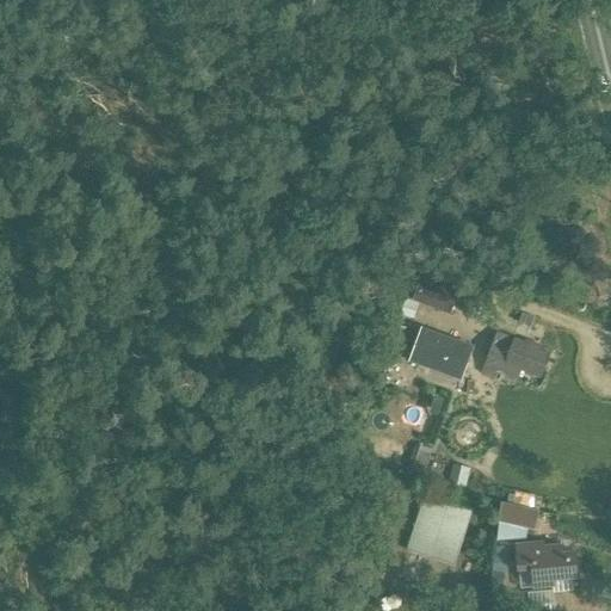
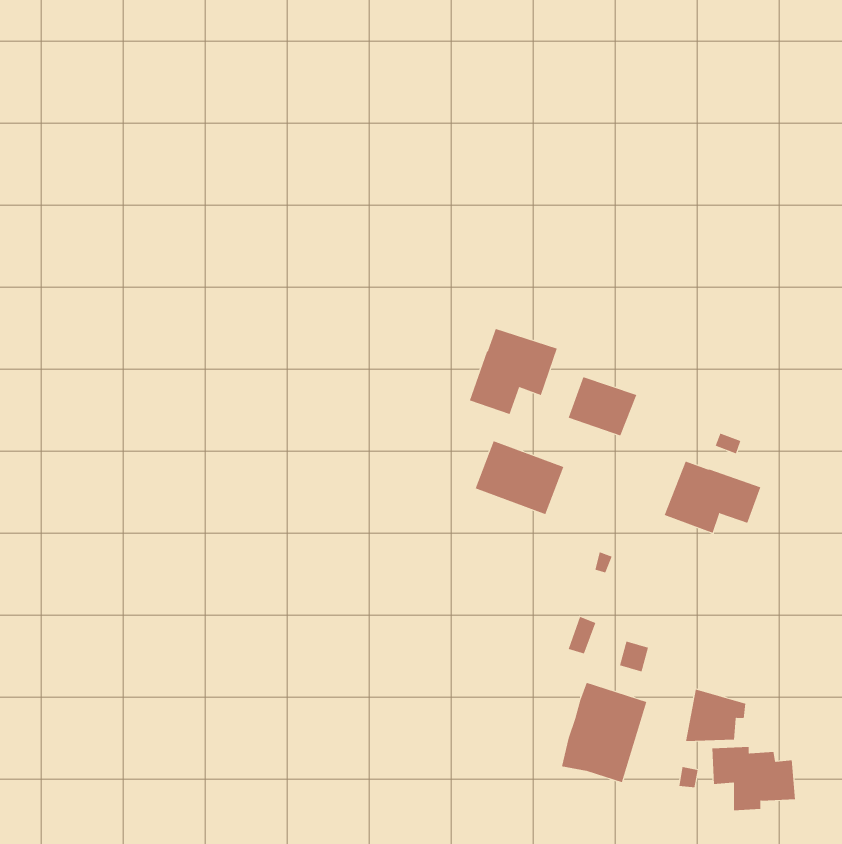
building: none -> [469,328,558,415]
building: [408,327,473,381] -> [475,440,564,515]

